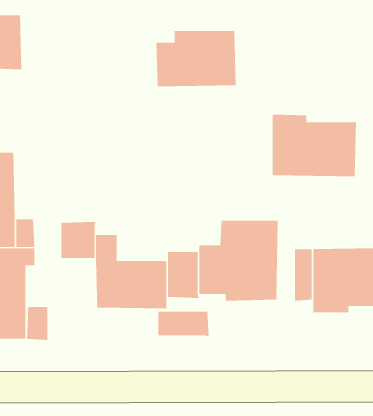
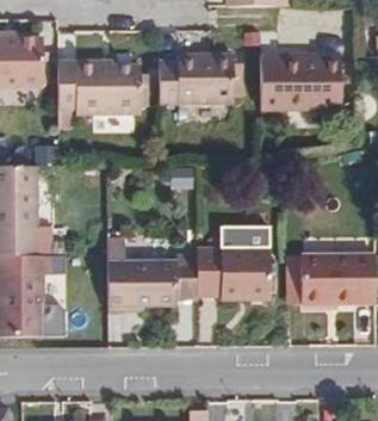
building: none -> [55,63,140,118]
building: [272,114,357,177] -> [264,52,341,110]
building: [61,221,97,259] -> none
building: [158,311,209,337] -> none

